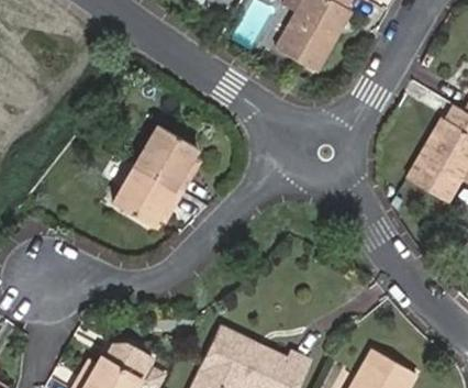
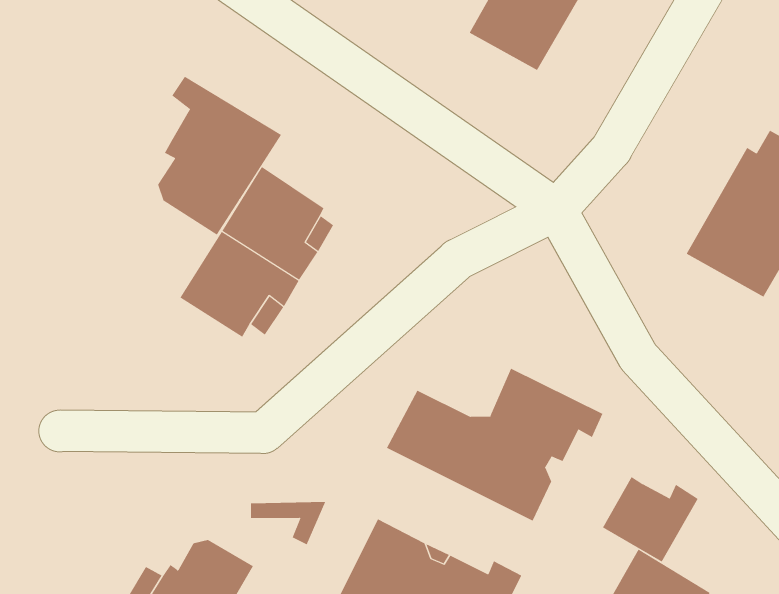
building: none -> [158,76,282,235]
building: none -> [386,368,603,522]
building: none -> [602,476,699,563]

